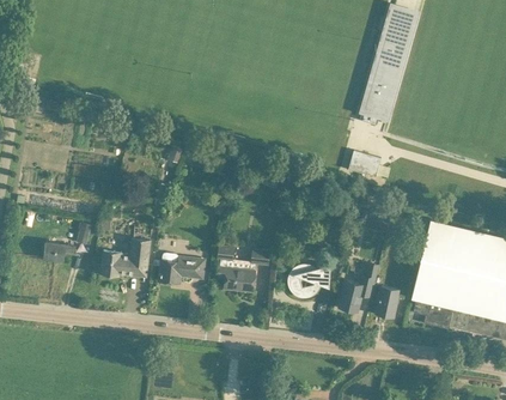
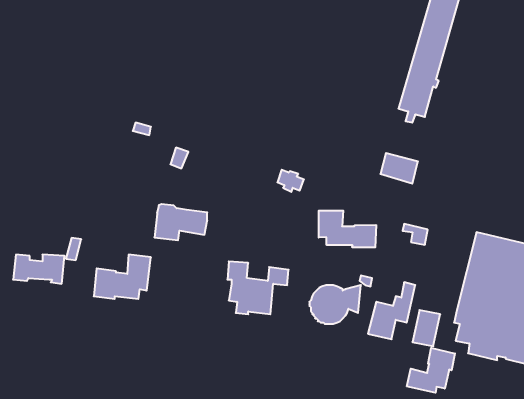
building: none -> [319,211,376,247]
building: [158,253,203,284] -> [154,204,207,240]
building: none -> [407,348,455,393]

